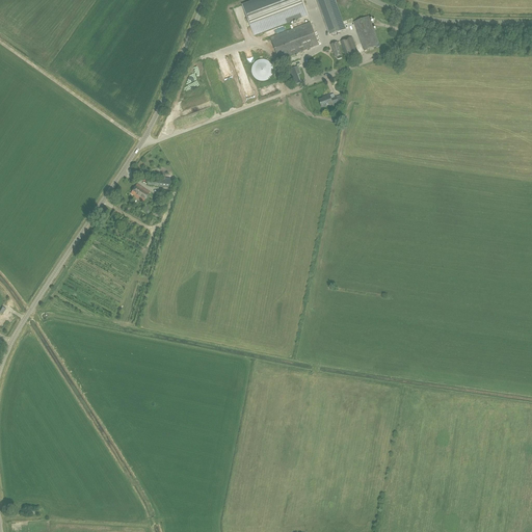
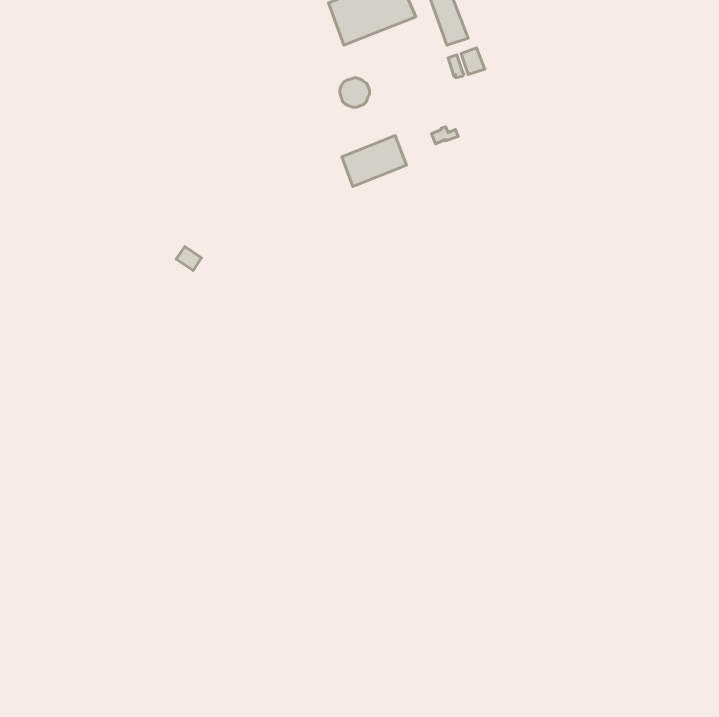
building: [353,15,378,49] -> none
building: [270,21,318,58] -> [342,136,407,186]

